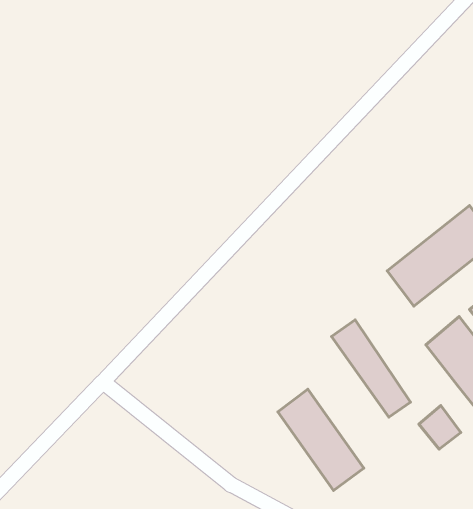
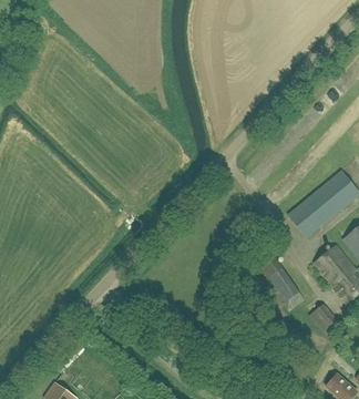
building: [278,389,364,491] -> none

